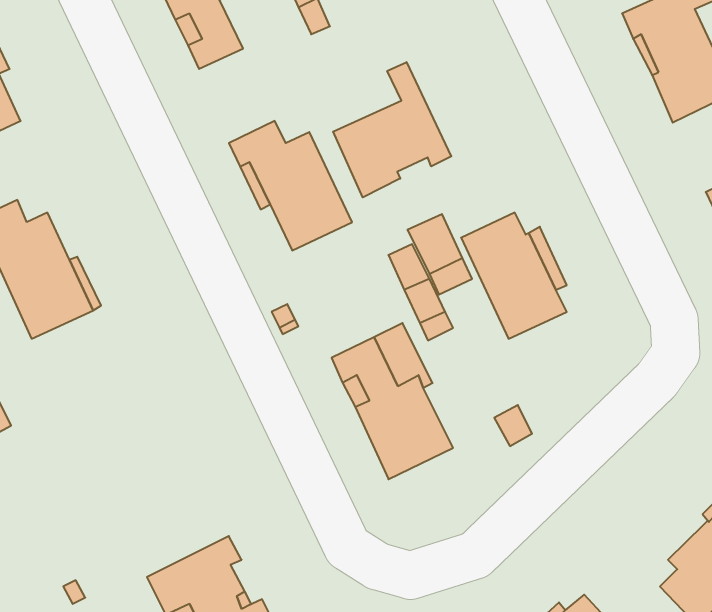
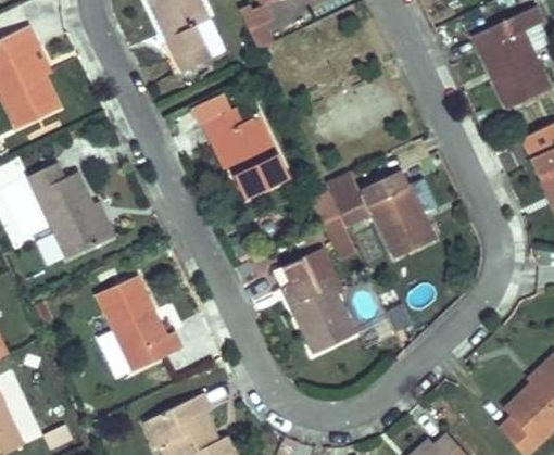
building: [333,62,451,197] -> none
building: none -> [95,274,182,371]

